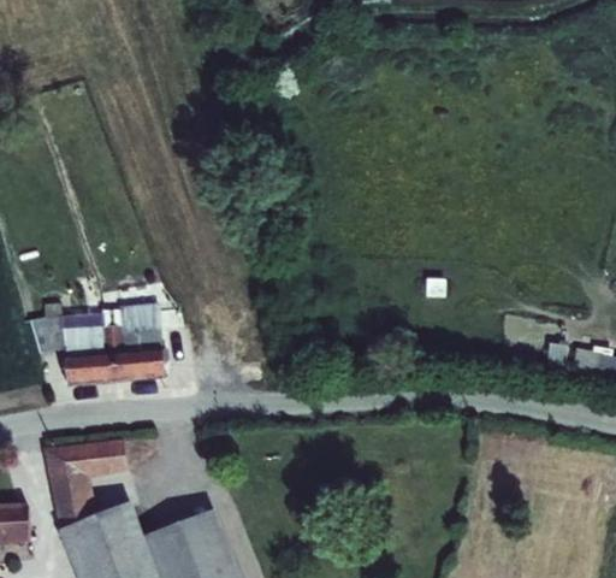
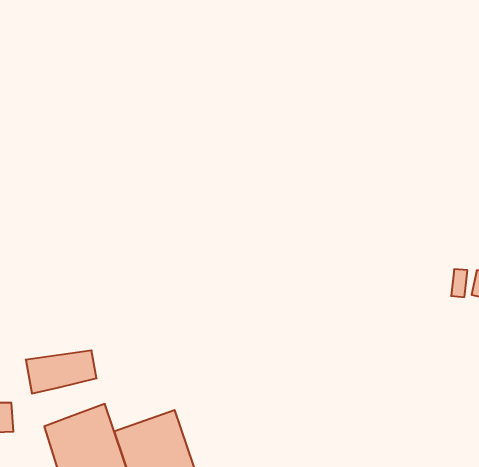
building: [19,301,156,379] -> none
building: [51,484,94,530] -> none

